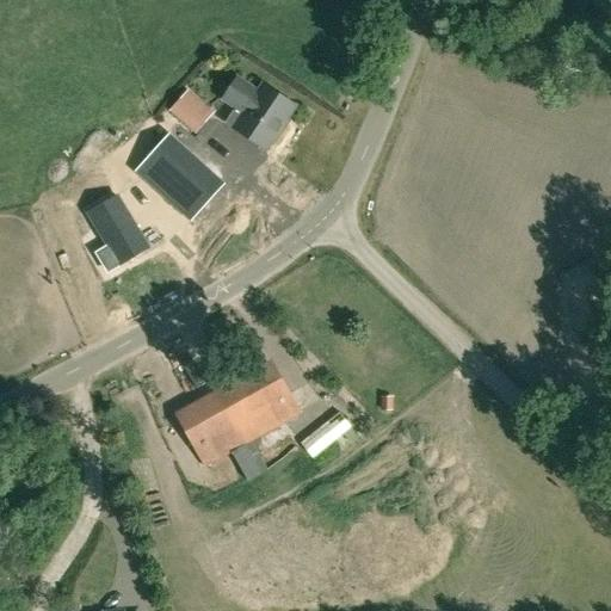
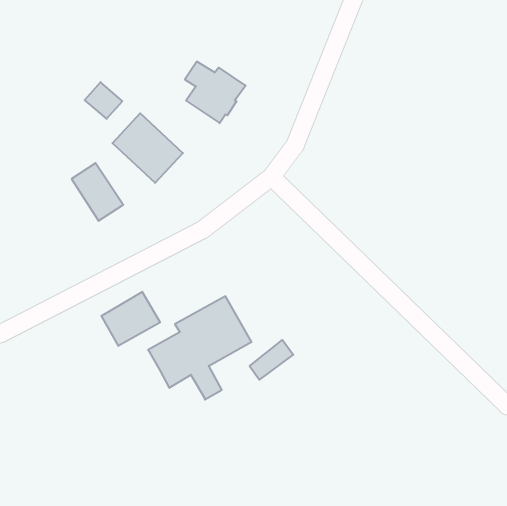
building: [168,87,214,131] -> [85,82,122,119]
building: none -> [101,292,160,346]

